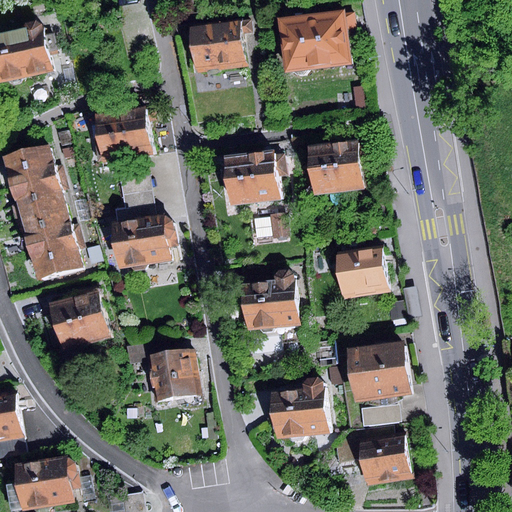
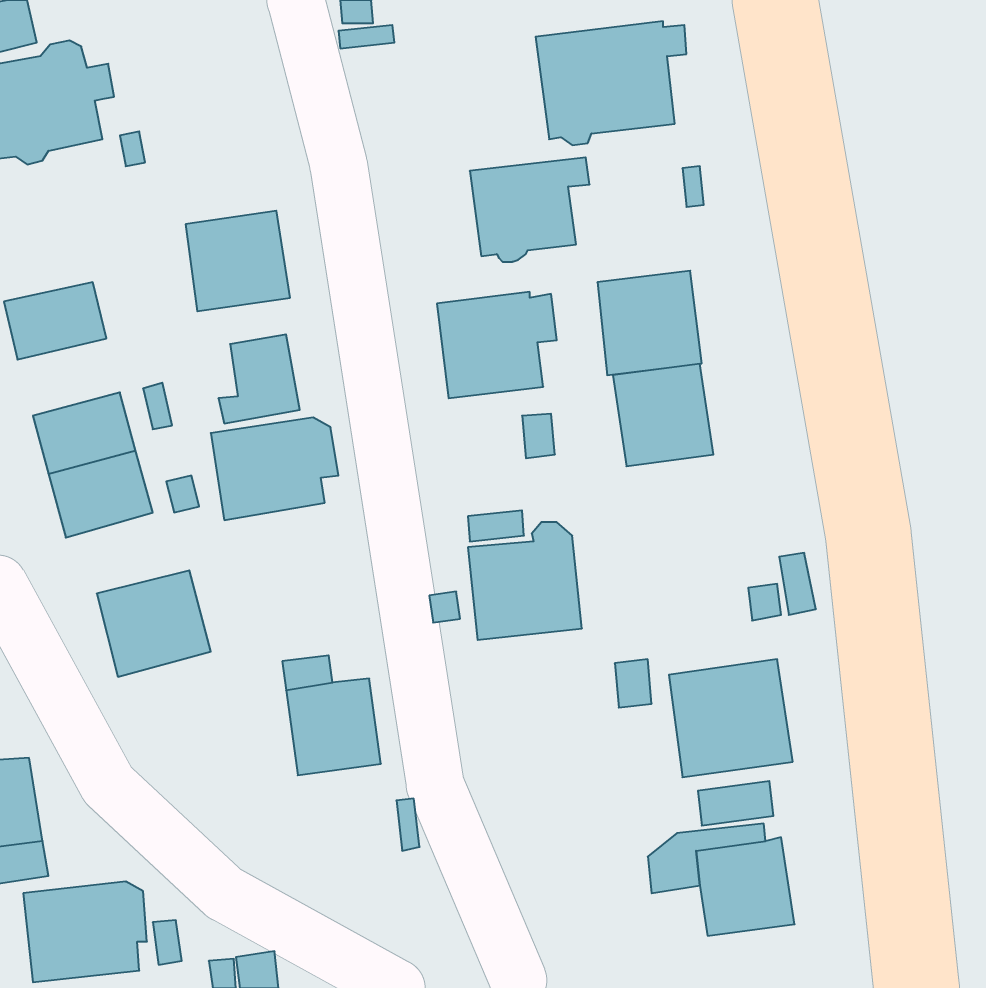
building: [190,20,252,74] -> [470,157,590,262]
building: [9,175,62,215] -> none
building: [337,245,389,298] -> [613,364,713,466]
building: [269,377,328,438] -> none

